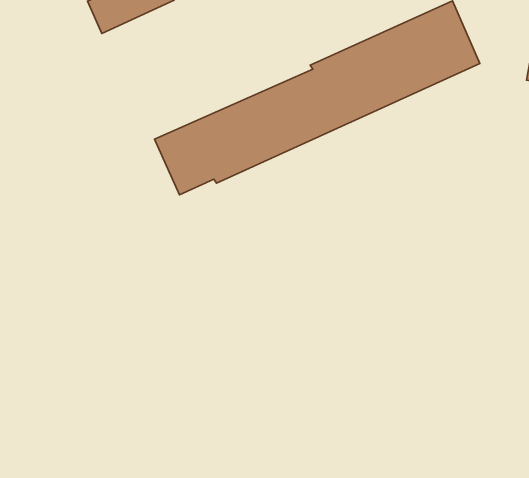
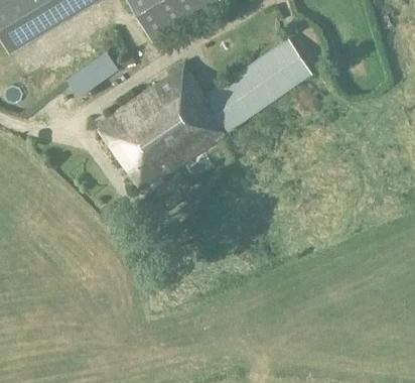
building: none -> [99,65,210,157]

